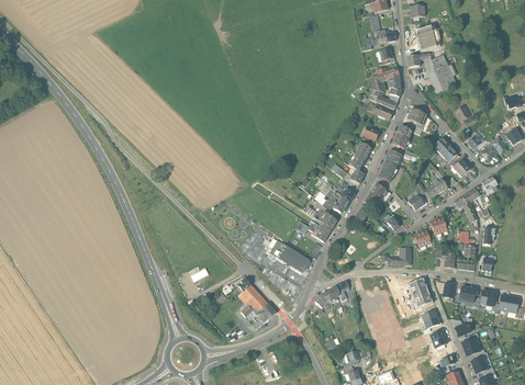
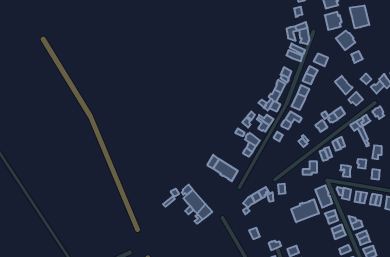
building: none -> [350,5,369,28]
building: none -> [291,199,319,222]

